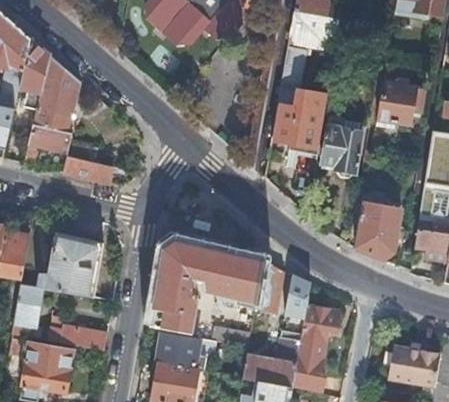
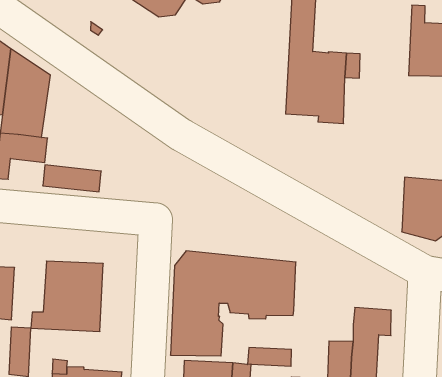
building: [321,124,362,177] -> none
building: [257,262,284,305] -> none
building: [286,276,312,320] -> none

